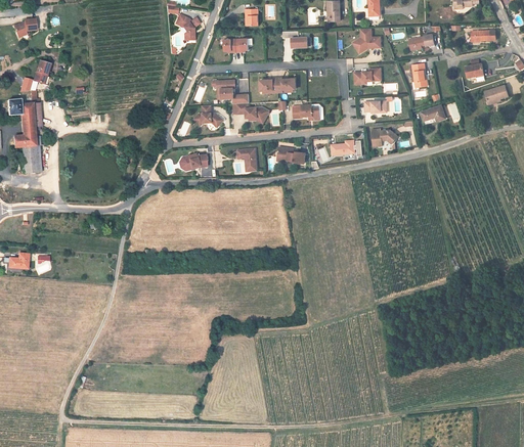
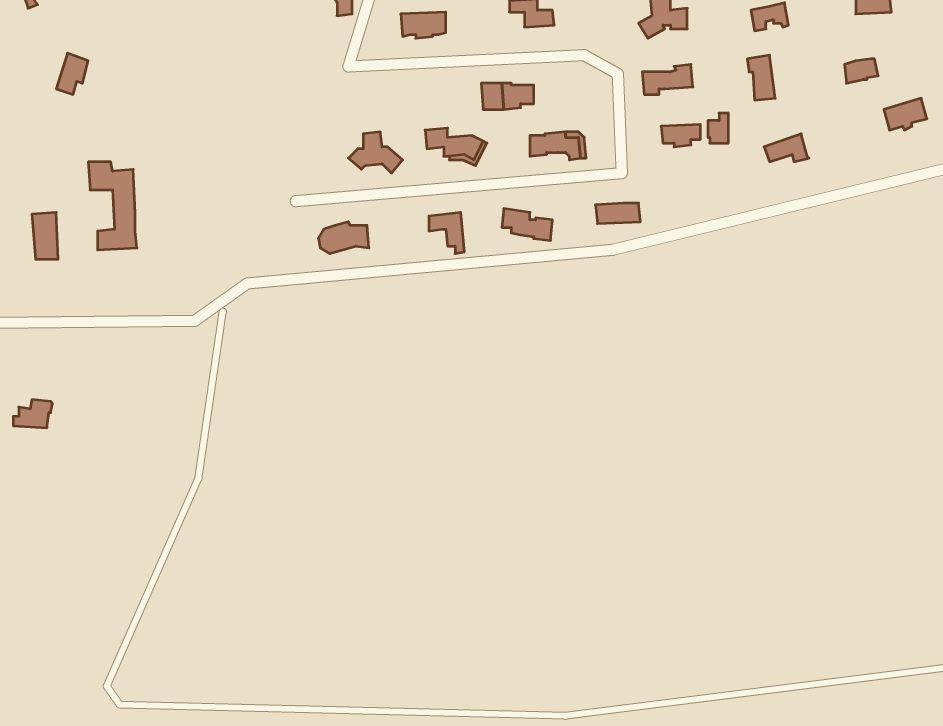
building: [212,80,249,103] -> none
building: [7,100,34,148] -> [88,162,137,250]
building: [369,130,395,149] -> none

